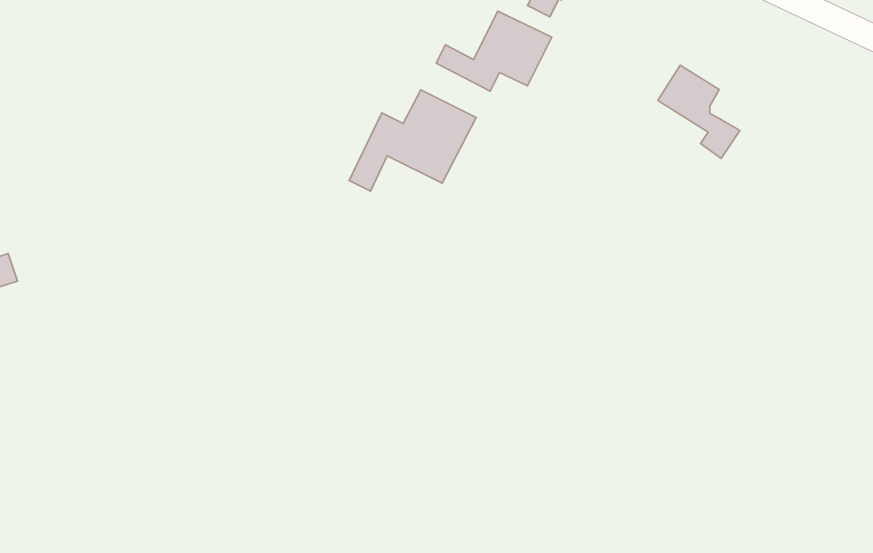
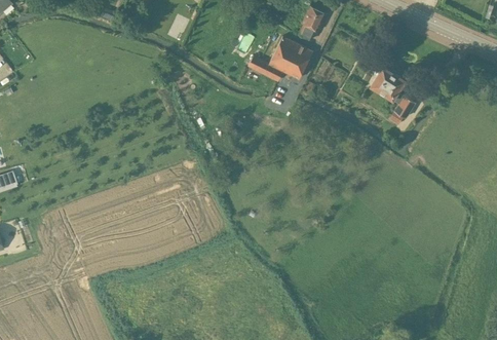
building: [349,90,476,191] -> none

